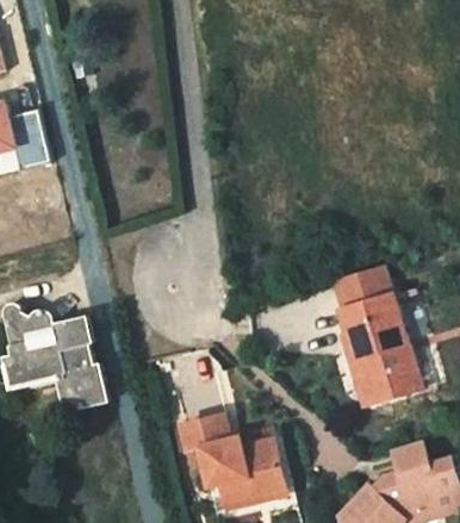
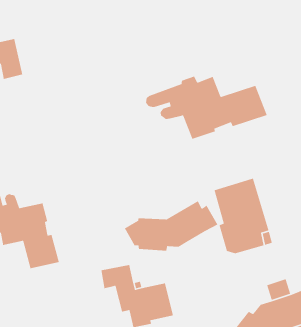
building: none -> [145,75,268,140]
building: [322,267,377,310] -> none
building: none -> [124,200,219,251]

